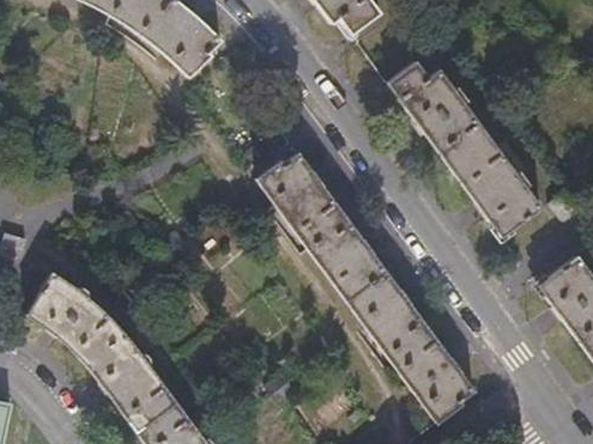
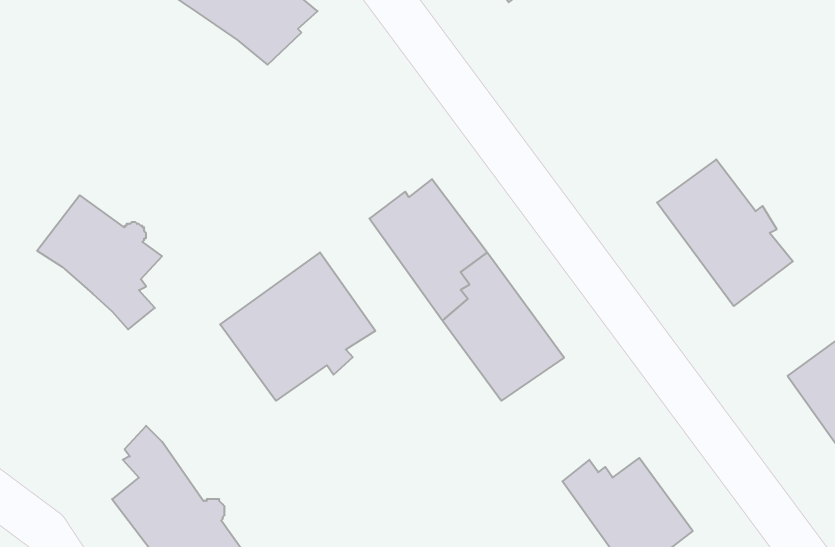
building: [389,61,491,169] -> none
building: none -> [220,252,375,401]
building: [347,273,440,355] -> none
building: [25,278,109,367] -> [37,195,162,329]

